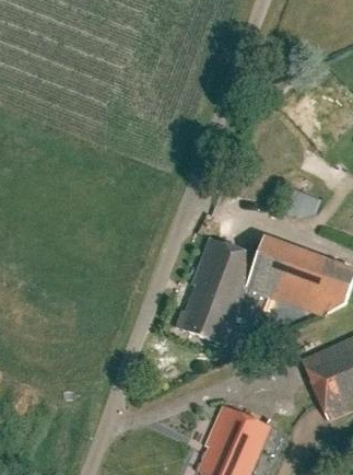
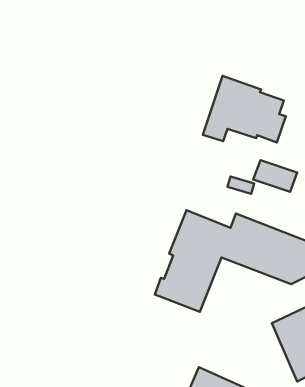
building: none -> [203,76,286,142]

